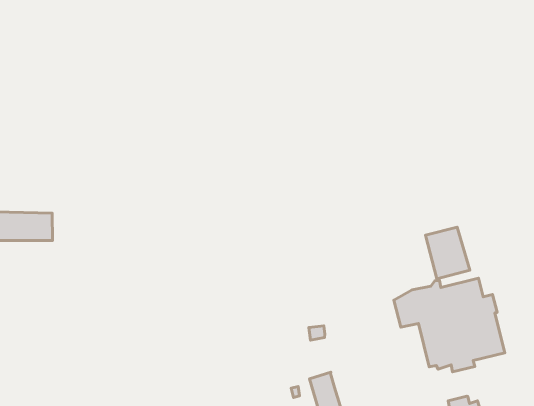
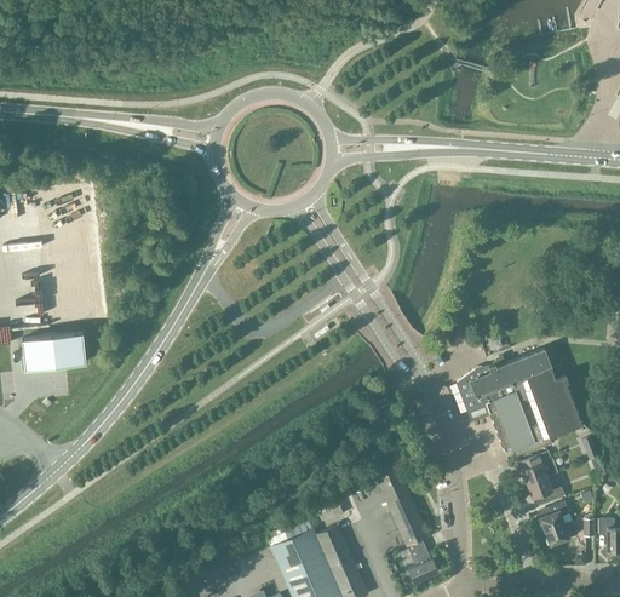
building: [426,227,470,279] -> none
building: none -> [518,453,556,486]

